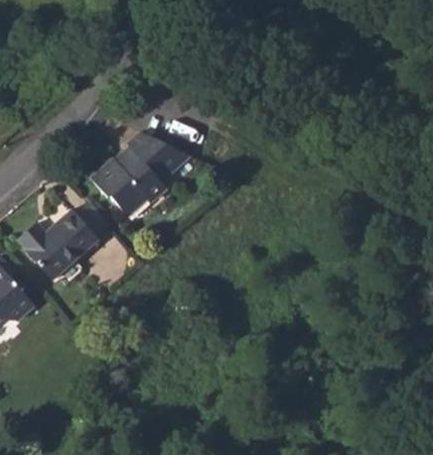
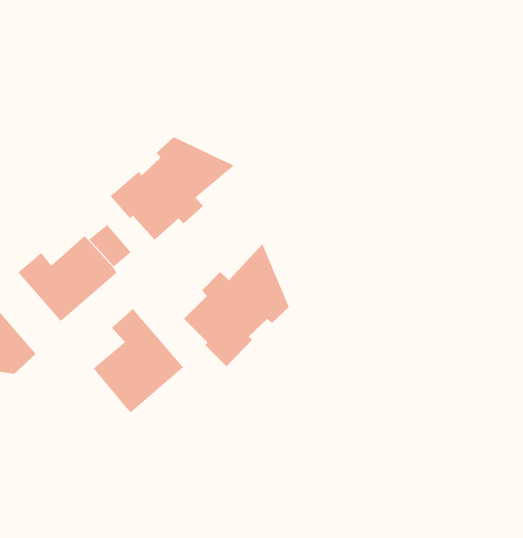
building: none -> [183,243,289,367]
building: none -> [93,308,184,413]

